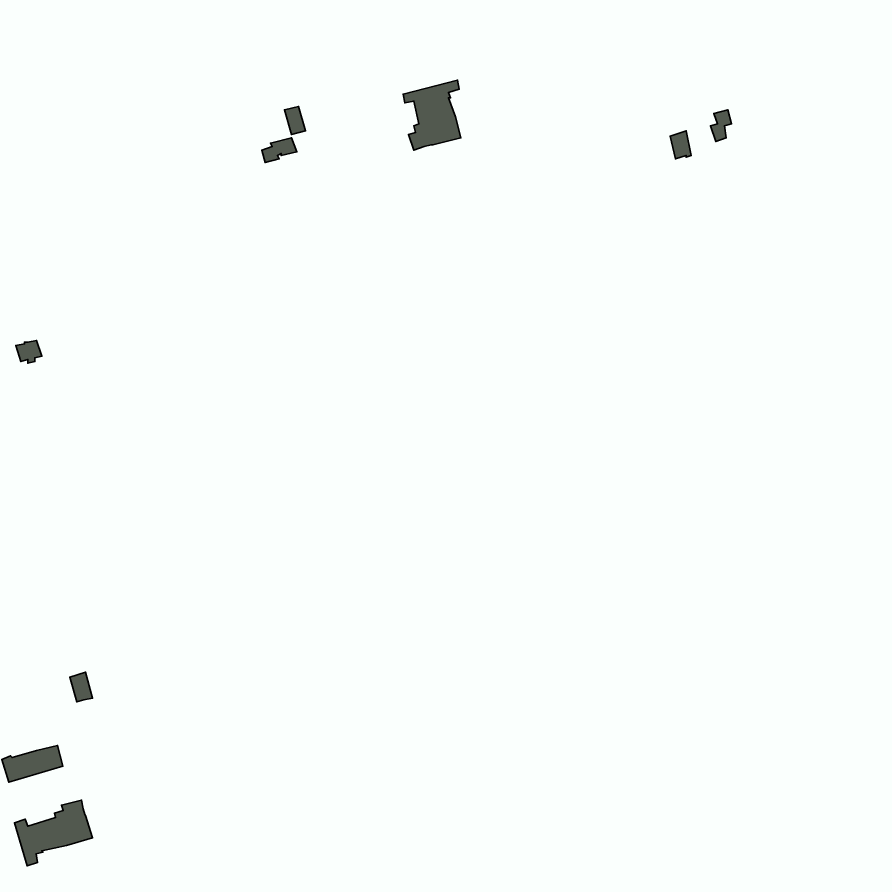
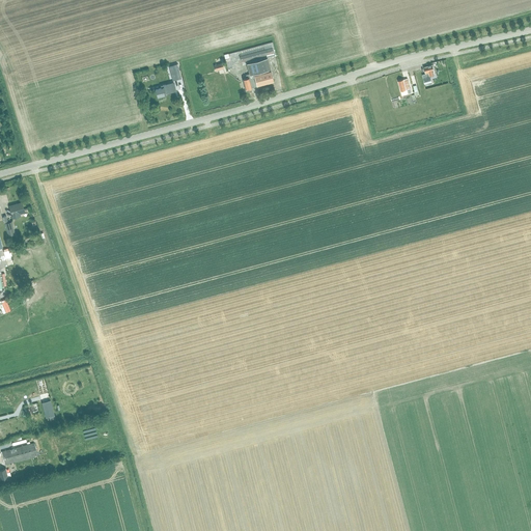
building: [15,800,92,866] -> none

